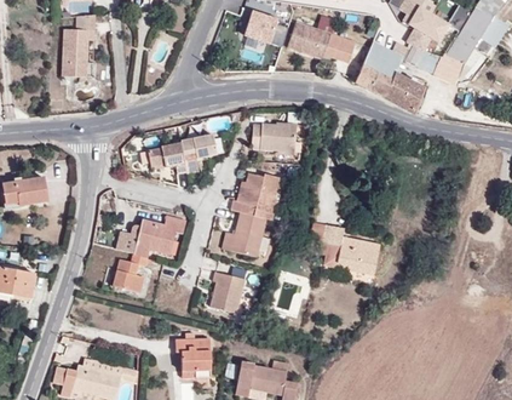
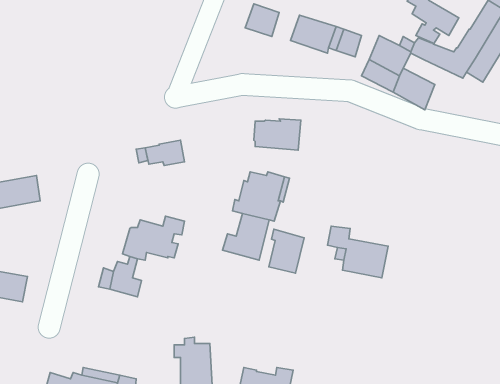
building: [62,13,96,81] -> none
building: [180,135,217,172] -> none
building: [211,270,245,313] -> [269,229,304,273]

